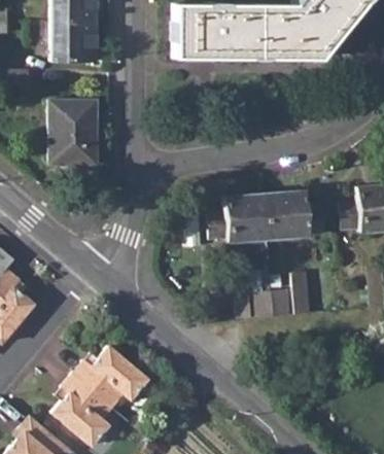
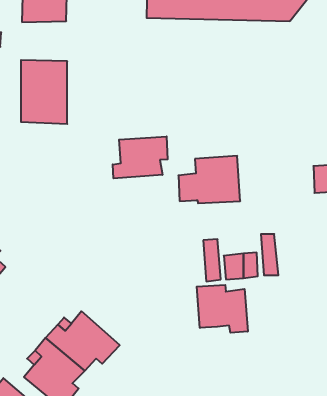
building: none -> [113,136,168,178]
building: [266,193,322,240] -> none
building: none -> [197,285,248,333]

